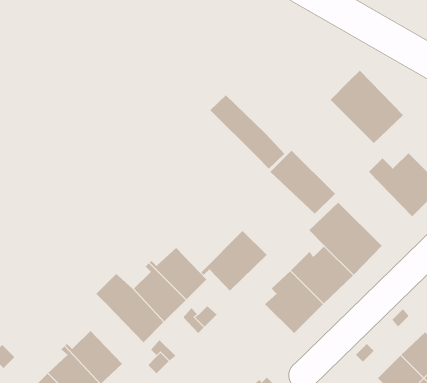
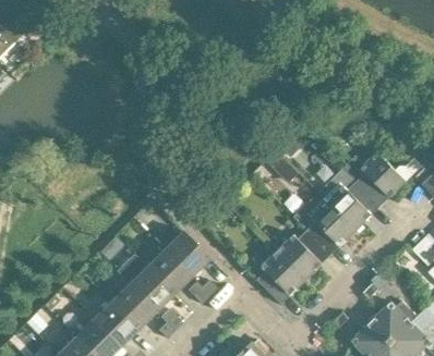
building: [330,70,404,144] -> [317,169,379,231]
building: [210,95,285,170] -> none
building: [201,230,267,292] -> none
building: none -> [109,280,154,330]

